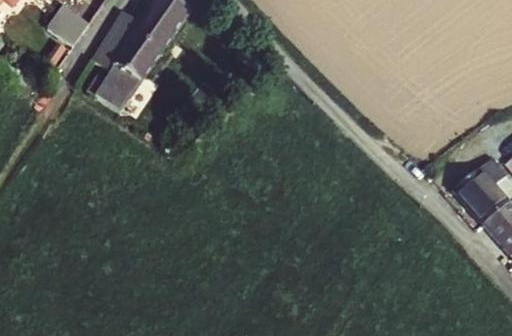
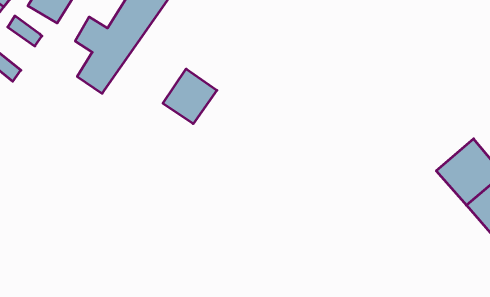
building: none -> [163,69,217,124]

